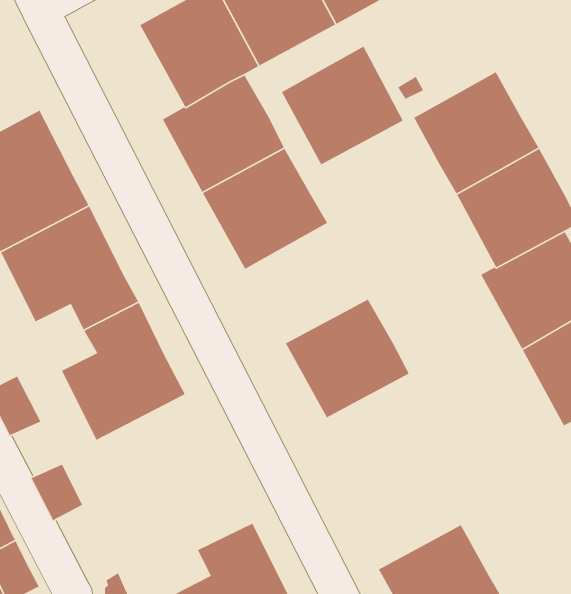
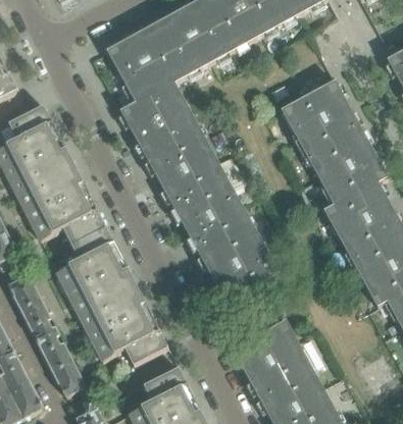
building: [281,46,404,166] -> [173,176,252,253]
building: none -> [79,285,167,364]
building: none -> [23,303,57,338]
building: none -> [232,319,311,396]
building: none -> [51,356,86,395]

